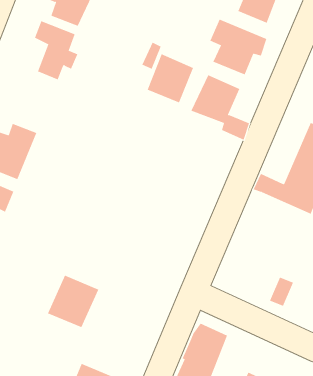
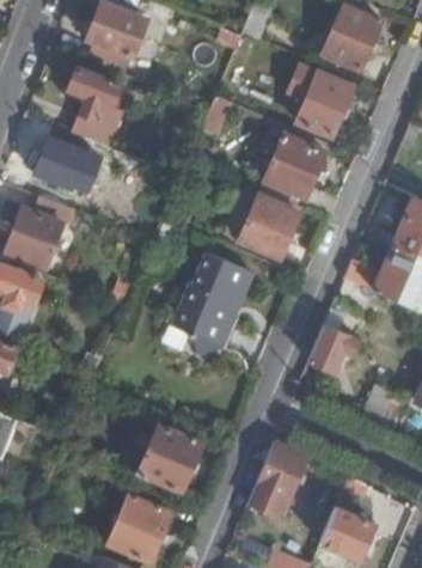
building: [147,53,194,103] -> [240,195,299,257]
building: none -> [37,136,90,189]
building: none -> [172,255,250,356]
building: none -> [308,279,357,372]
building: [47,275,99,328] -> [137,423,202,489]

